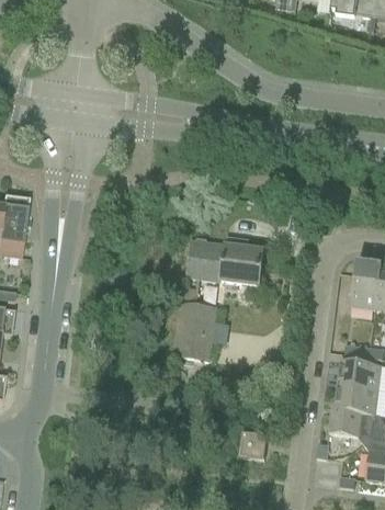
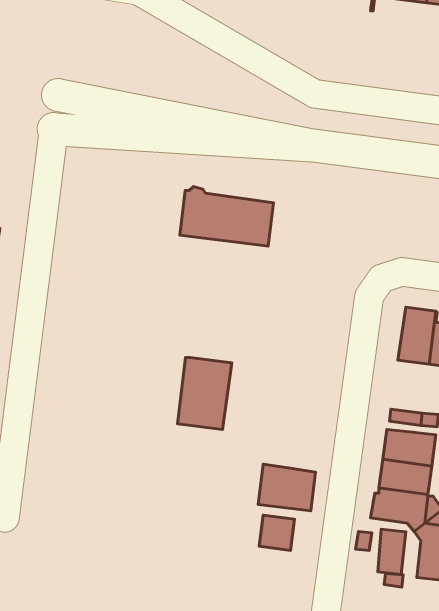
building: [186,236,262,284] -> [180,186,274,246]
building: none -> [258,464,316,511]
building: none -> [378,529,406,574]

